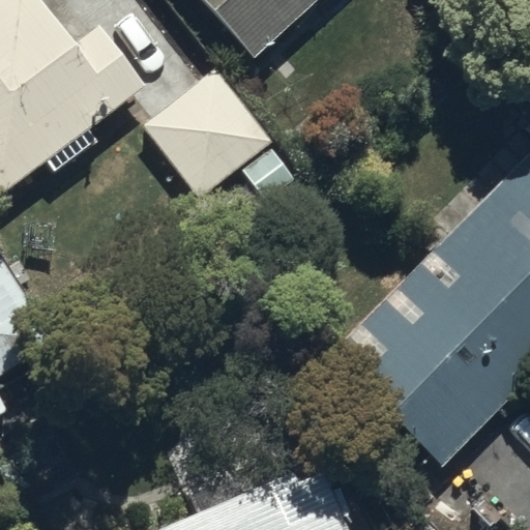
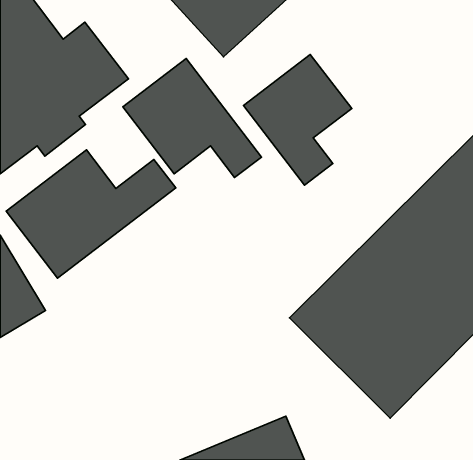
building: none -> [243,55,352,185]
building: none -> [6,150,176,278]

